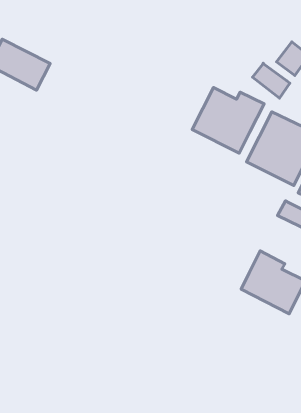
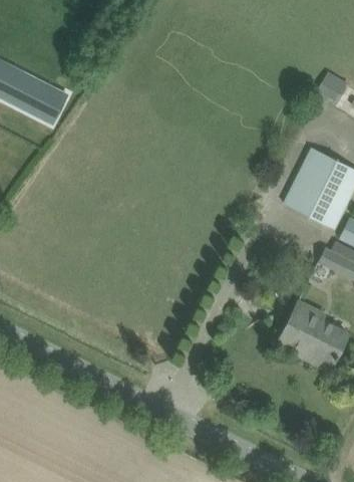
building: [253,63,290,98] -> none
building: [192,87,264,153] -> none

